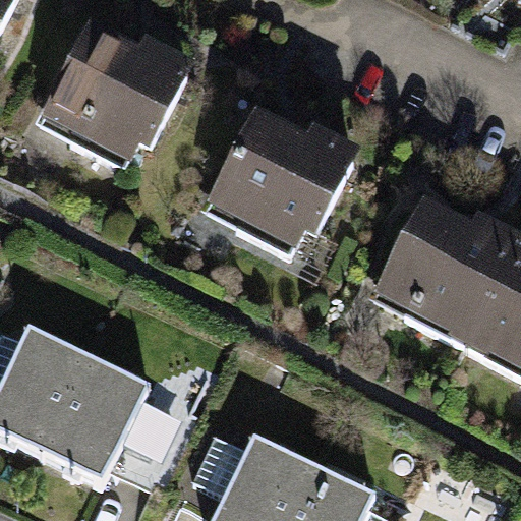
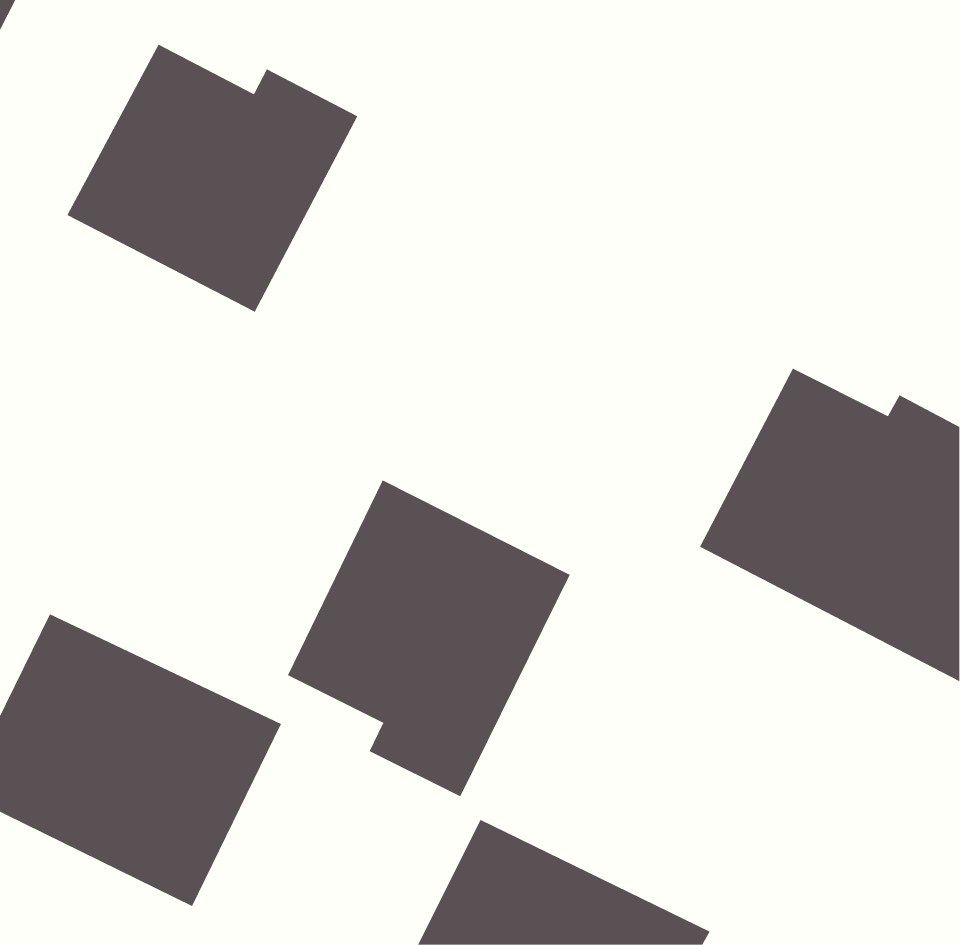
building: [209,110,360,251] -> none
building: none -> [287,480,571,797]

